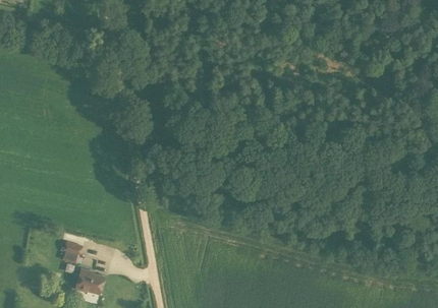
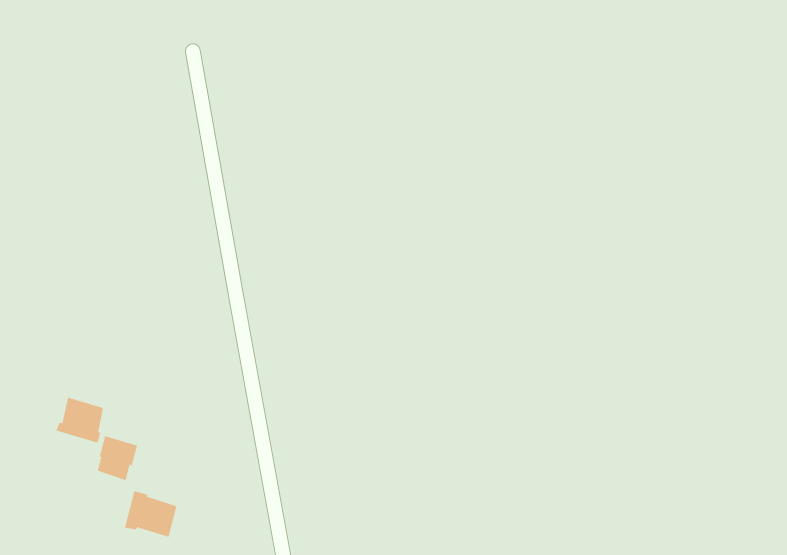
building: none -> [55,397,103,443]

